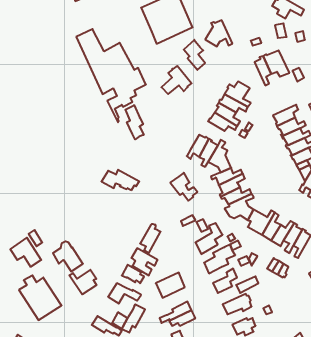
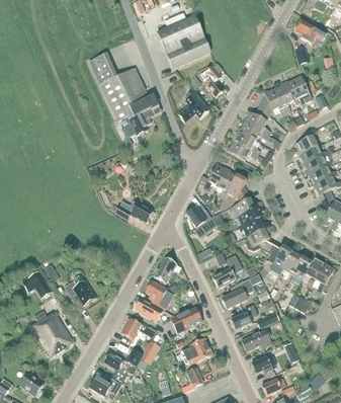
building: [205,20,232,46] -> [258,88,286,115]
building: [125,105,144,139] -> none
building: [69,270,96,294] -> none

